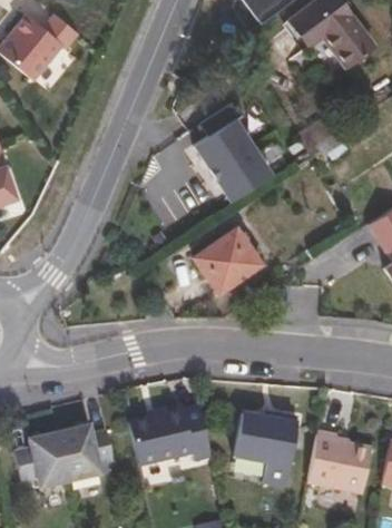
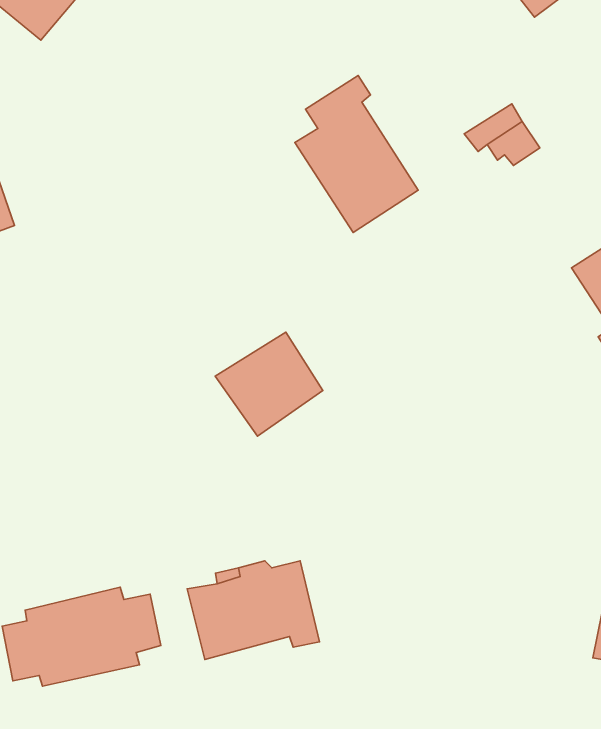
building: [194,227,262,293] -> [215,332,323,436]
building: [234,417,298,487] -> none
building: [310,430,371,493] -> none

